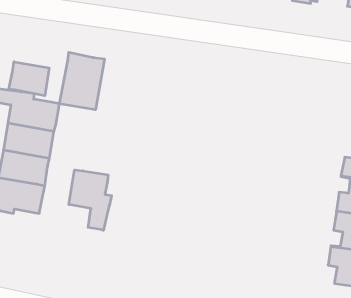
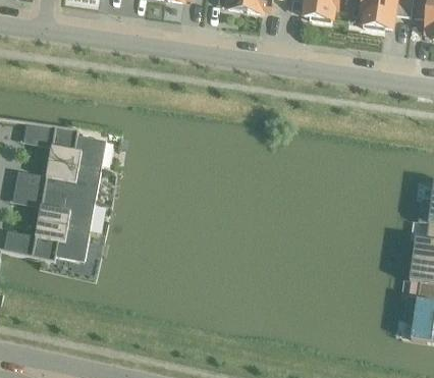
building: [59,52,104,110] -> none
building: [9,62,49,96] -> none
building: [69,170,112,230] -> none

